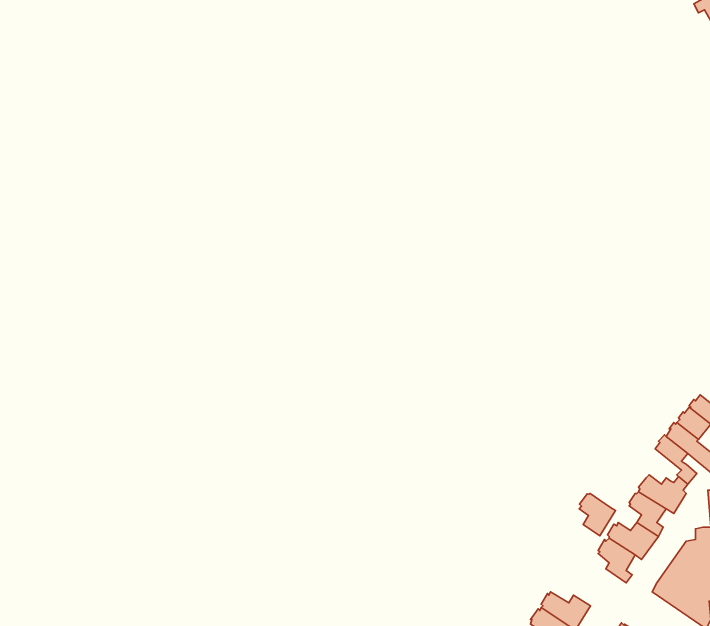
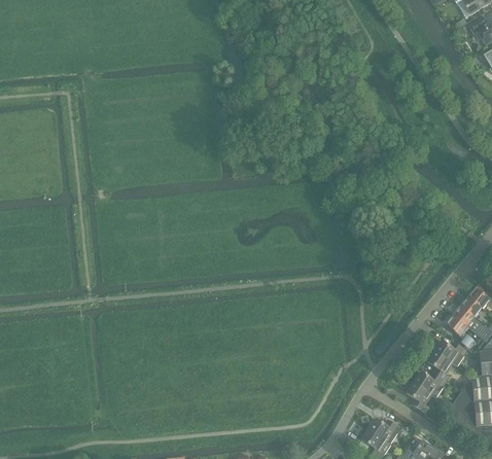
building: [579,494,616,536] -> none

